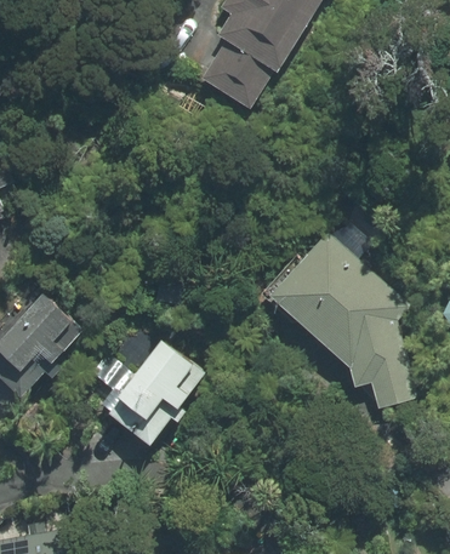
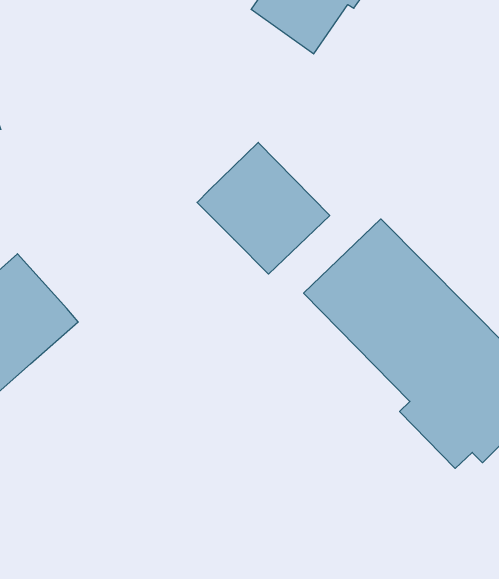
building: none -> [197,142,330,274]
building: [102,335,213,444] -> none

